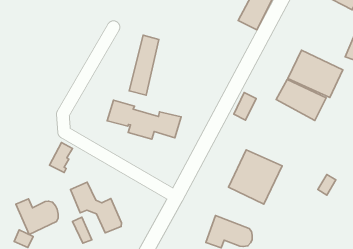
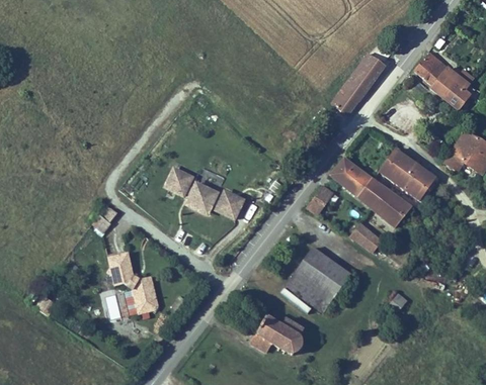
building: [129,35,159,95] -> none
building: none -> [328,157,373,197]
building: none -> [349,222,383,254]
building: [16,199,58,235] -> none

